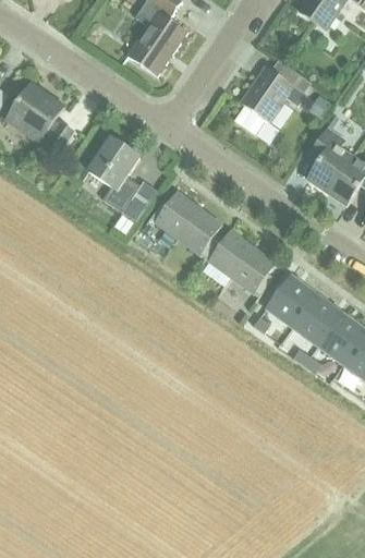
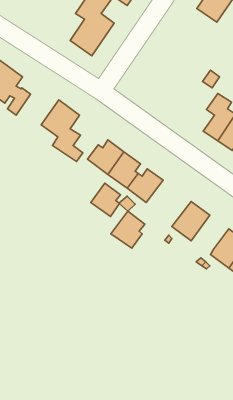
building: [234,66,304,134] -> none
building: [230,245,276,295] -> [111,211,145,248]
building: none -> [91,183,120,216]
building: [291,293,342,347] -> none

